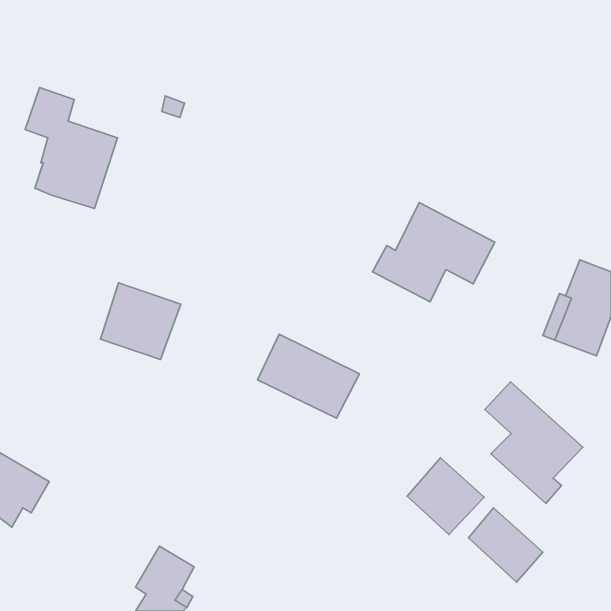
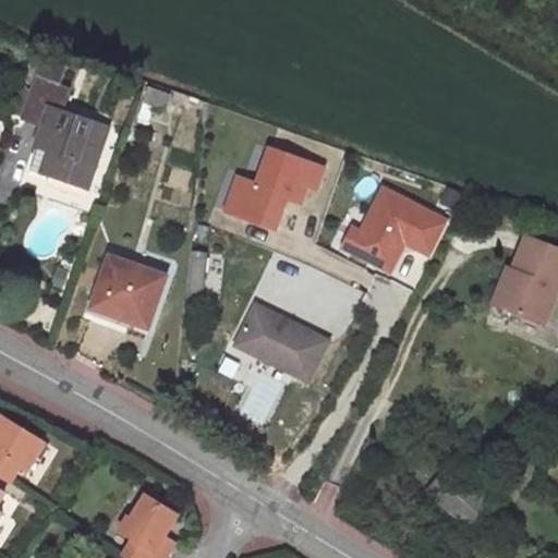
building: none -> [221,144,327,231]
building: [485,382,583,504] -> none
building: [407,458,484,534] -> none

